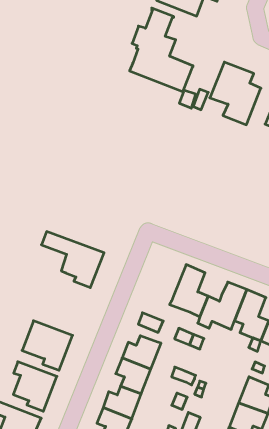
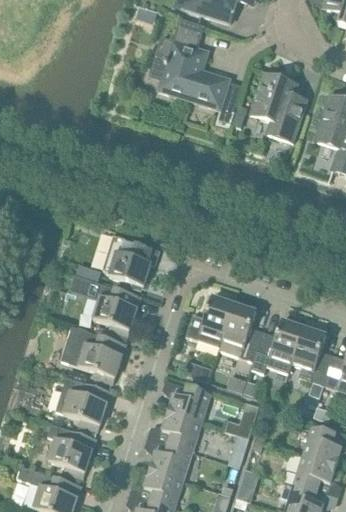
building: none -> [102,235,159,286]
building: none -> [186,296,234,345]
building: none -> [61,326,125,382]

